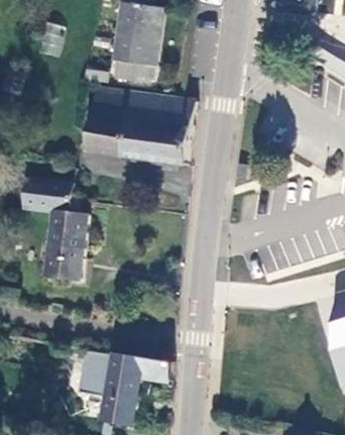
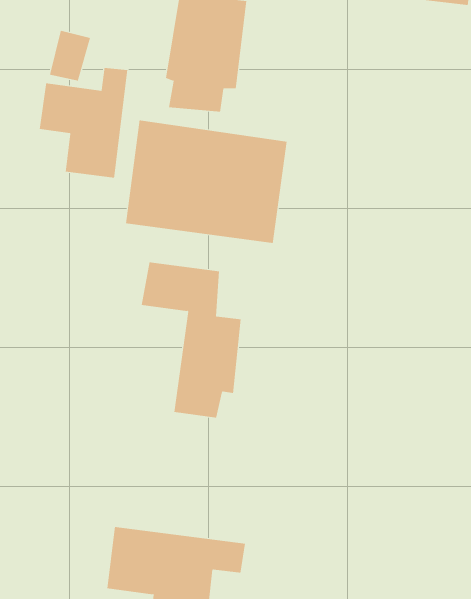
building: none -> [39,67,128,179]
building: [23,182,89,284] -> [141,262,241,418]

